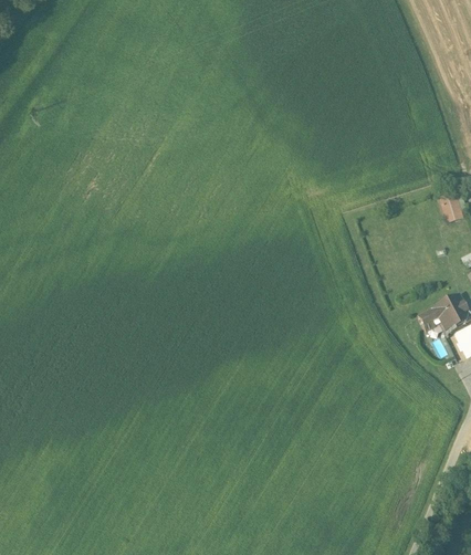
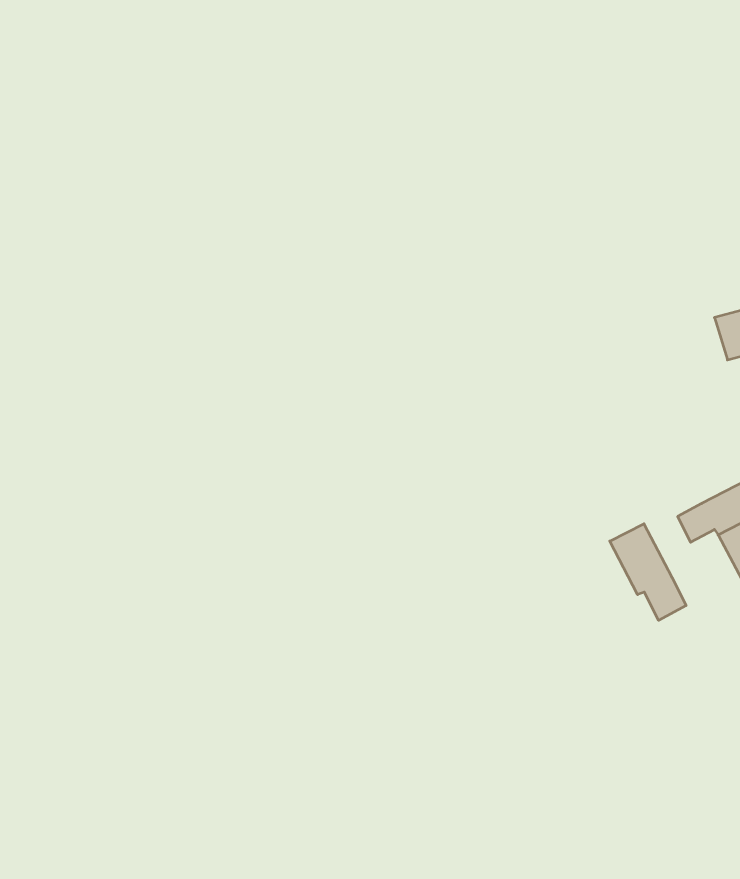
building: none -> [610,524,686,620]

